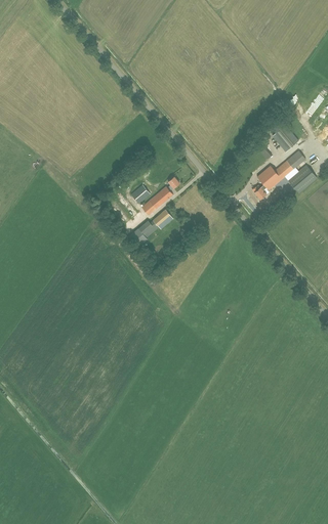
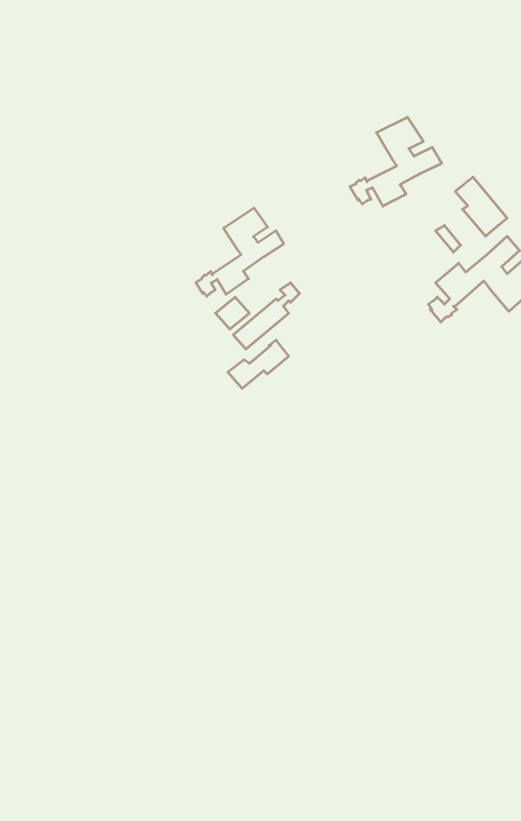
building: none -> [350,117,442,206]
building: none -> [196,208,284,296]

